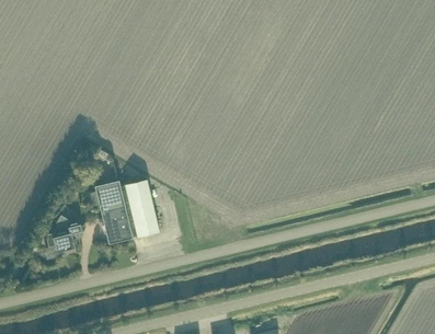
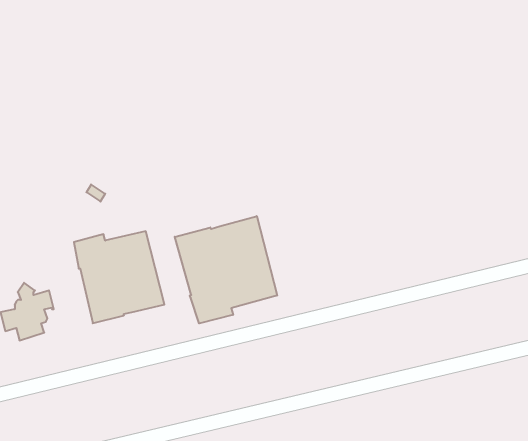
building: none -> [175,216,277,323]

